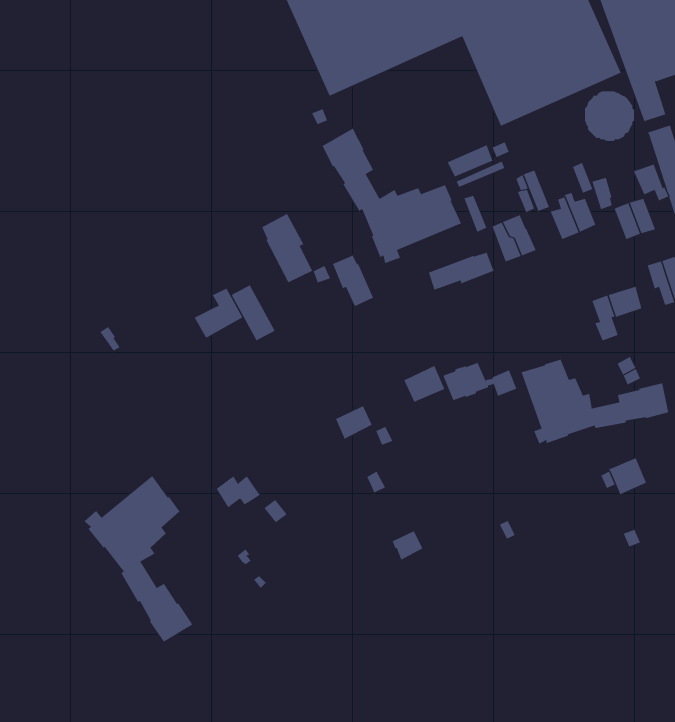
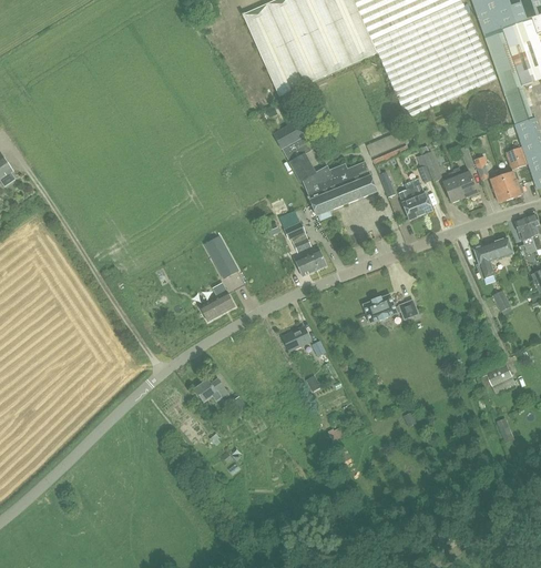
building: [262,213,313,283] -> none
building: [428,252,494,290] -> none
building: [194,288,243,338] -> [198,283,235,321]
building: [521,359,669,444] -> none
building: [403,365,445,402] -> [295,247,326,275]
building: [84,475,193,643] -> none

